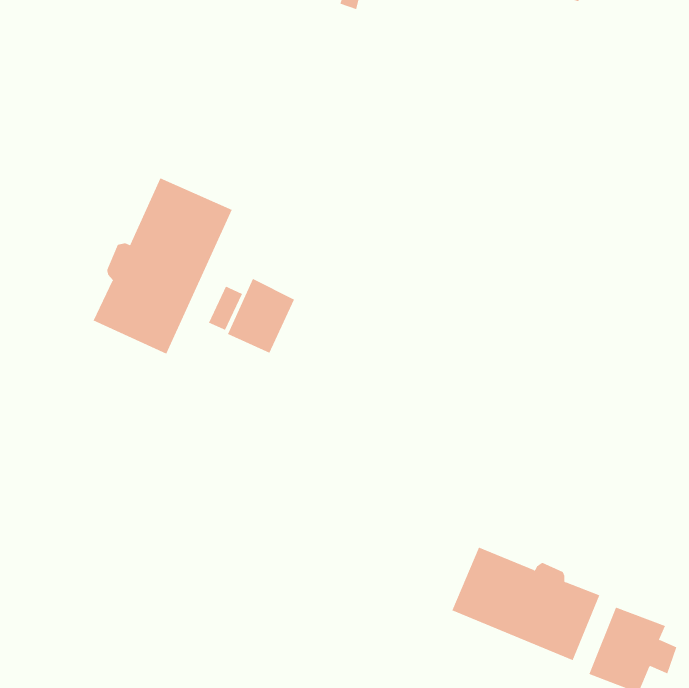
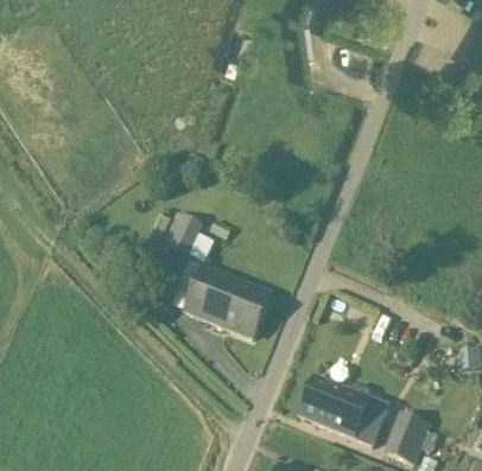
building: [93,178,232,354] -> none
building: none -> [185,267,272,338]

